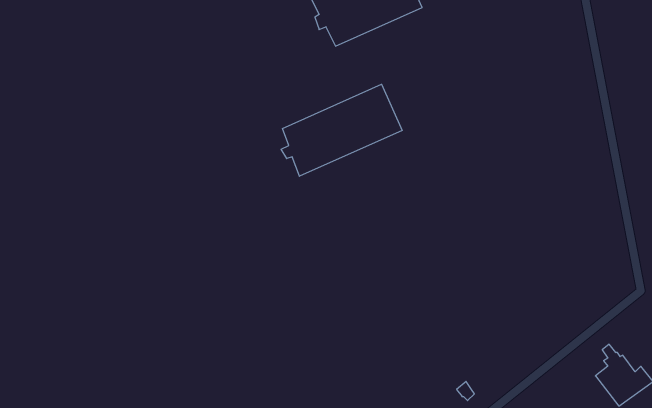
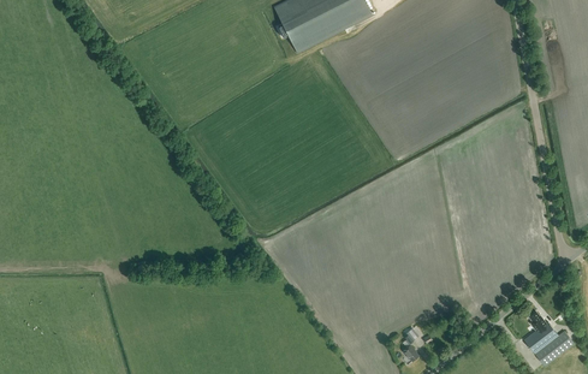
building: [281,84,402,176] -> none

